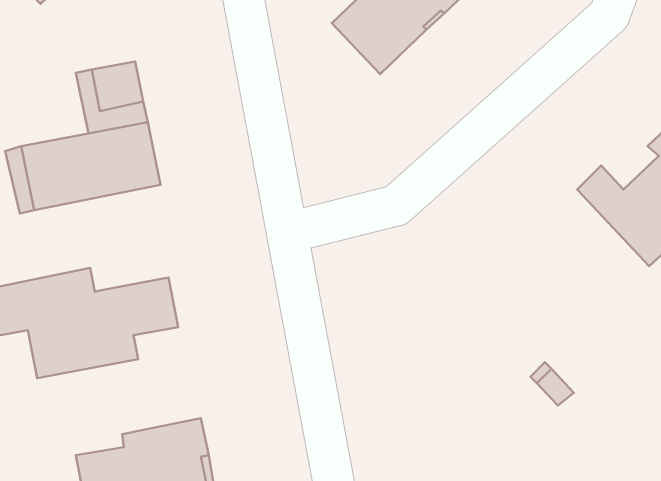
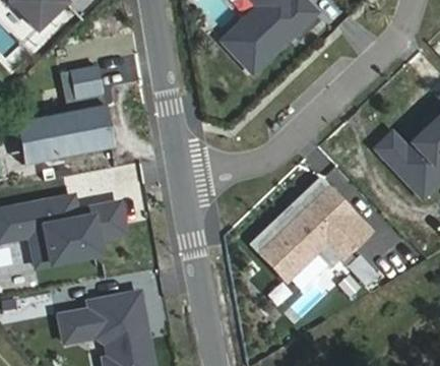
building: none -> [253,180,370,281]

